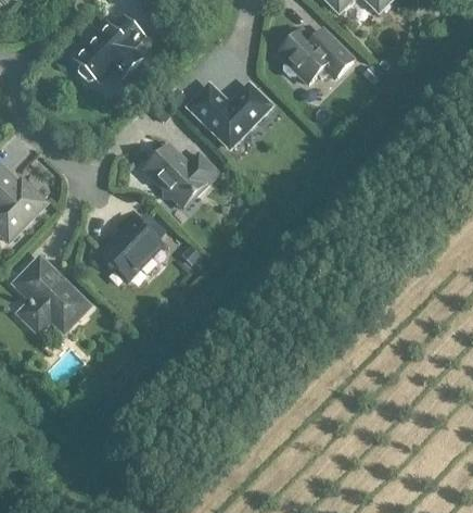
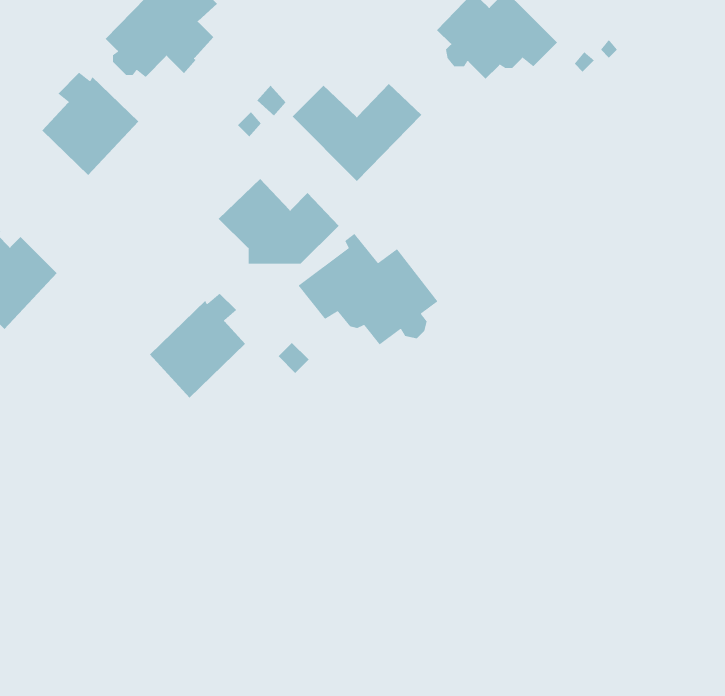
building: none -> [41,72,139,176]
building: none -> [297,233,439,346]
building: [15,267,89,331] -> none

